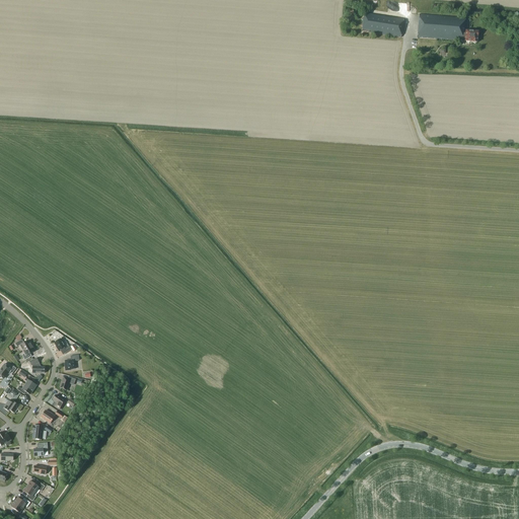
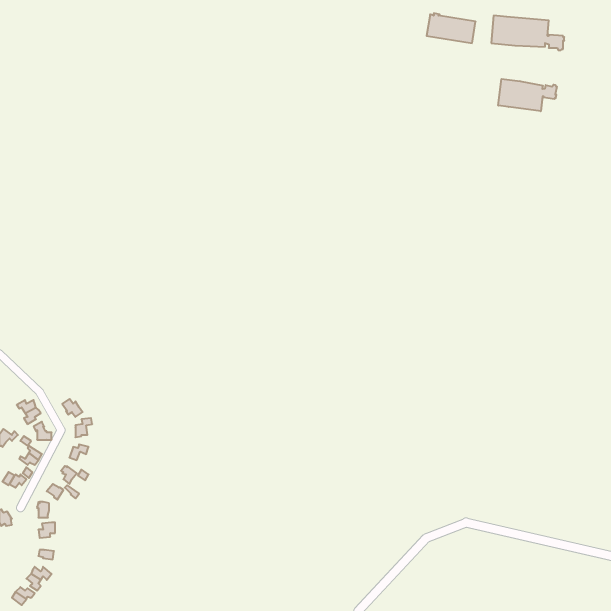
building: none -> [498,79,557,111]

